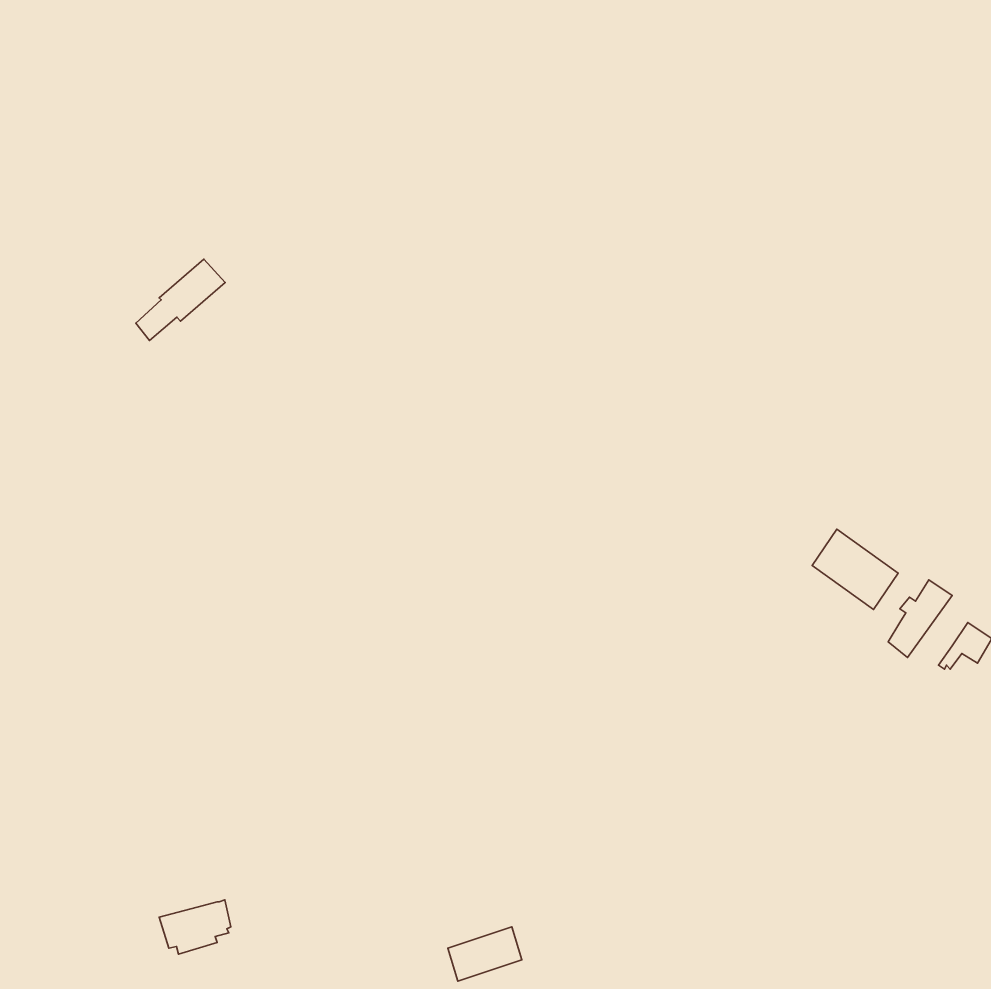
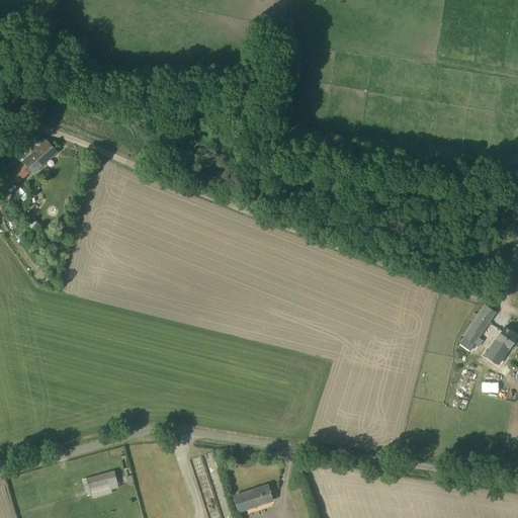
building: [136,259,225,341] -> [11,139,58,181]
building: [812,529,898,610] -> none

